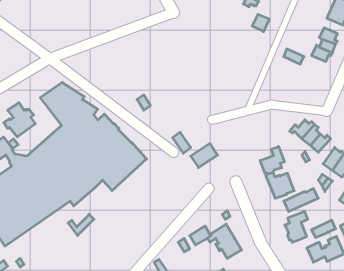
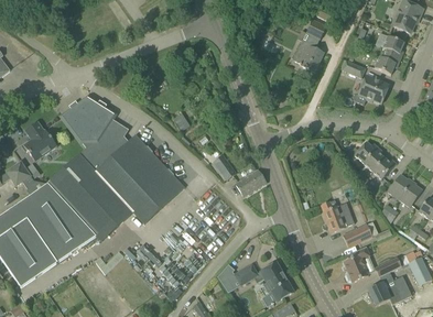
building: none -> [292,41,323,72]
building: none -> [353,75,389,105]
building: [260,146,284,174] -> none

